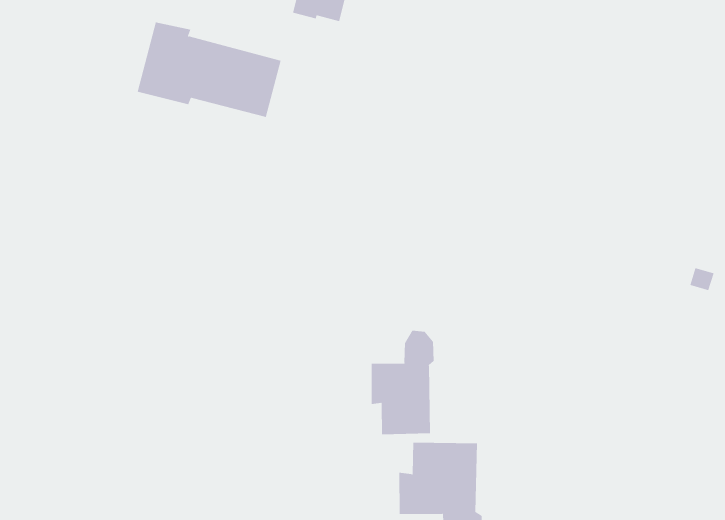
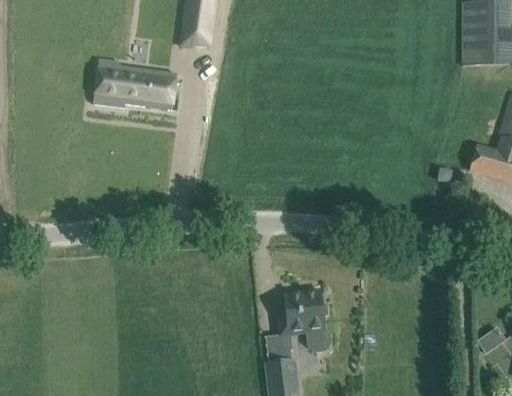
building: [371,330,434,435] -> none

